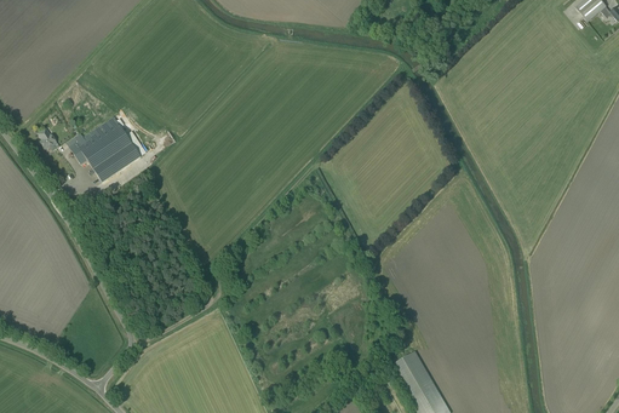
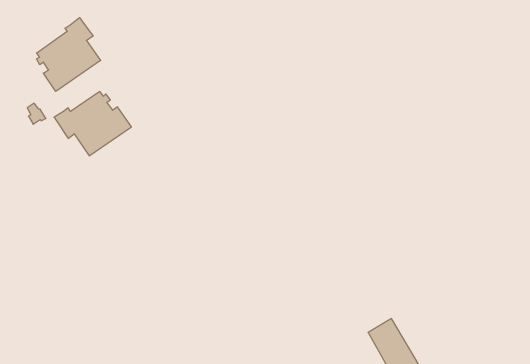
building: none -> [36,18,101,91]

